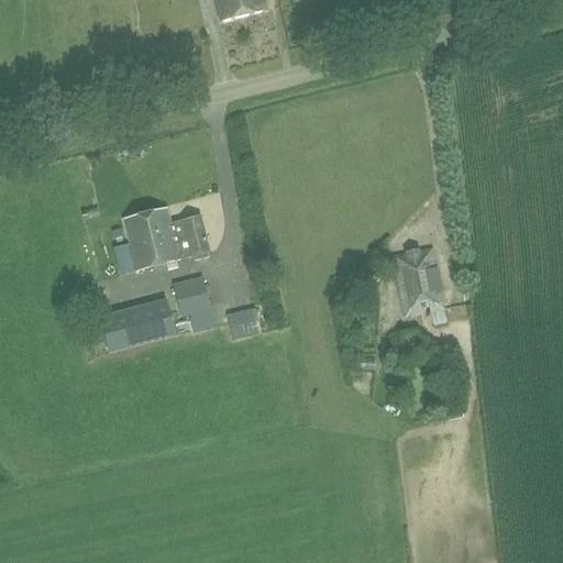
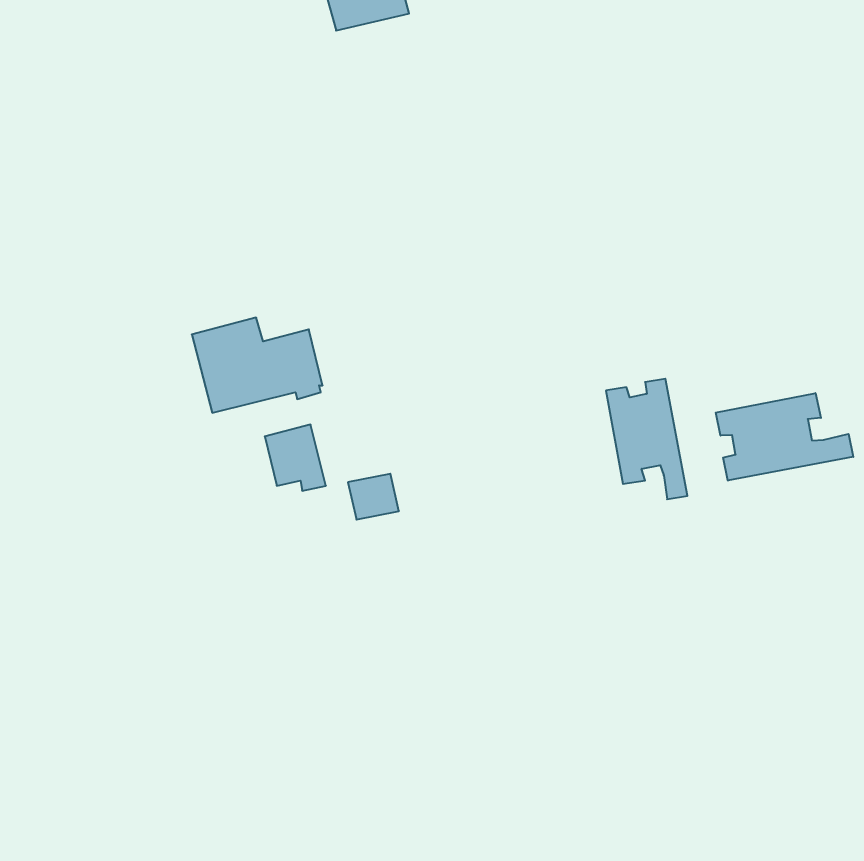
building: none -> [716,393,853,481]
building: [98,297,174,350] -> none

